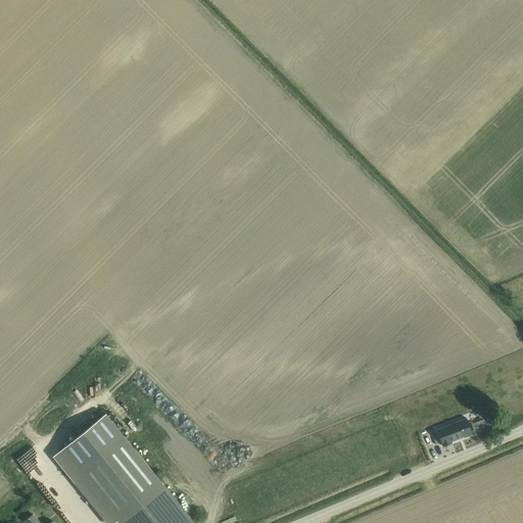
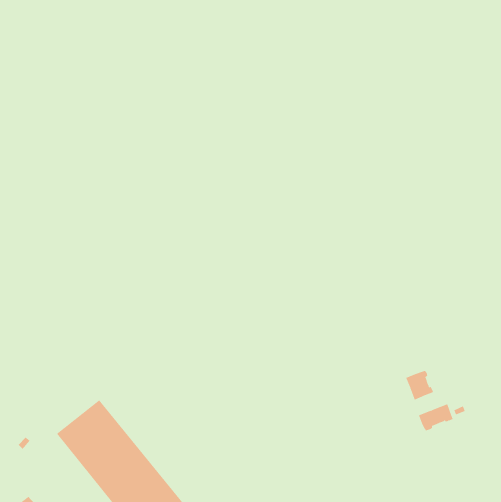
building: none -> [405,370,434,400]

